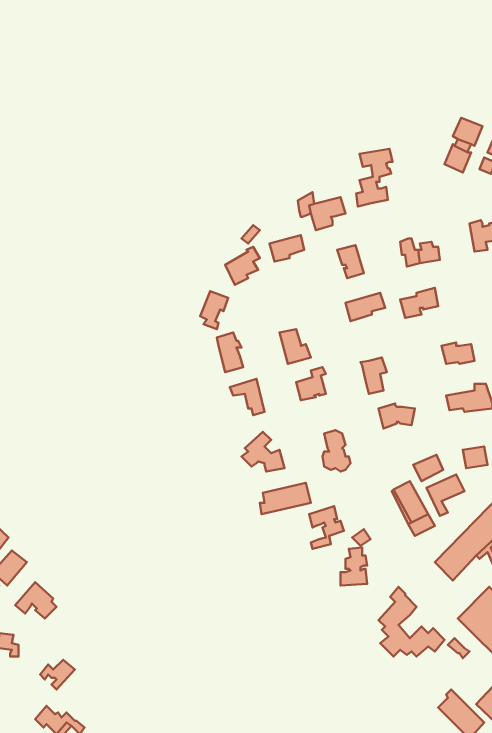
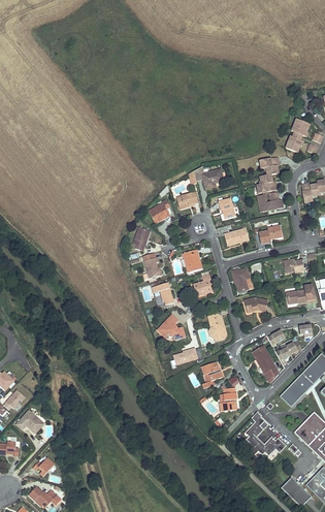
building: [356,149,393,207] -> [257,157,280,193]

